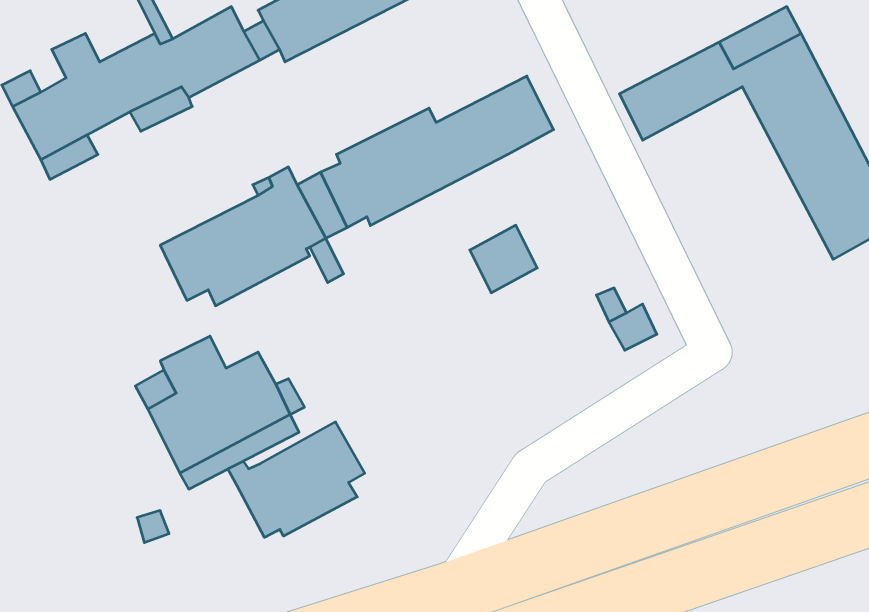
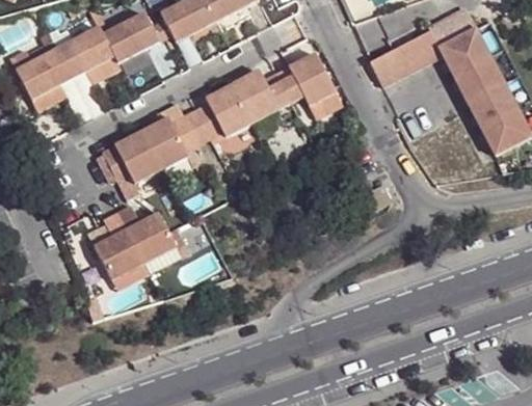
building: [470,225,537,293] -> [303,82,343,121]
building: [228,422,365,537] -> none

